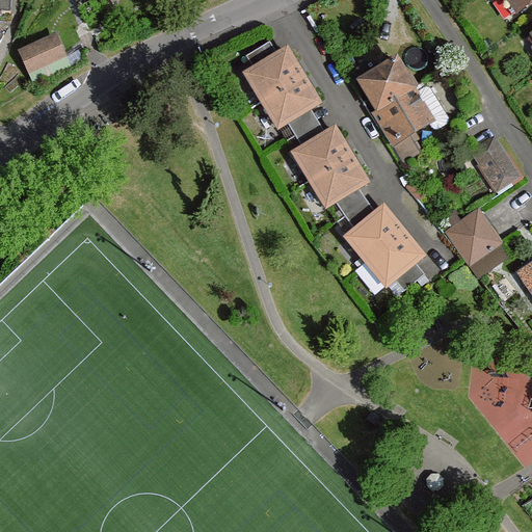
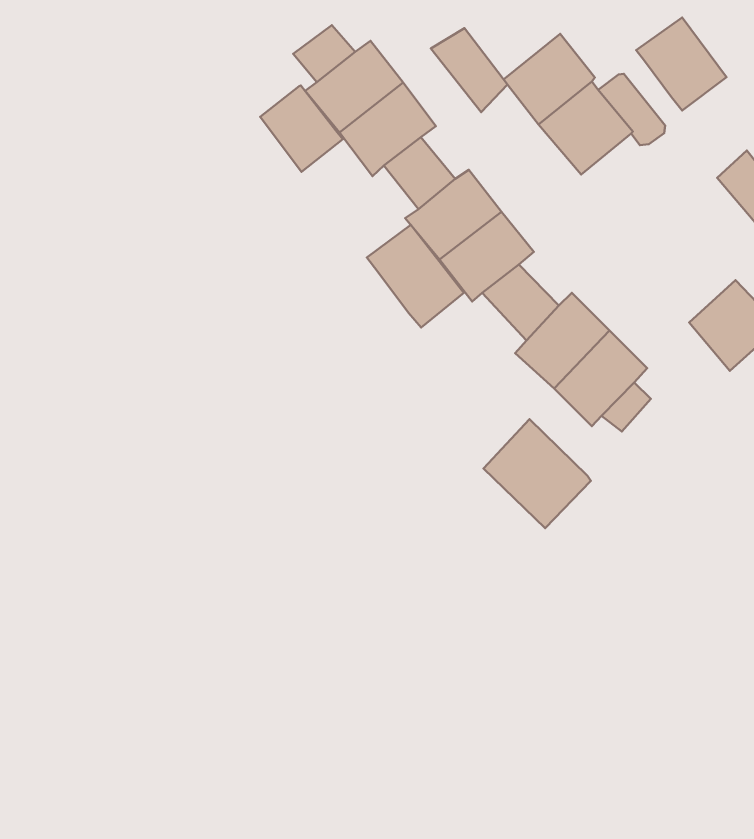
building: none -> [431,28,508,112]
building: none -> [636,18,727,110]
building: none -> [260,86,343,172]
building: none -> [367,225,464,328]
building: none -> [484,419,591,528]

